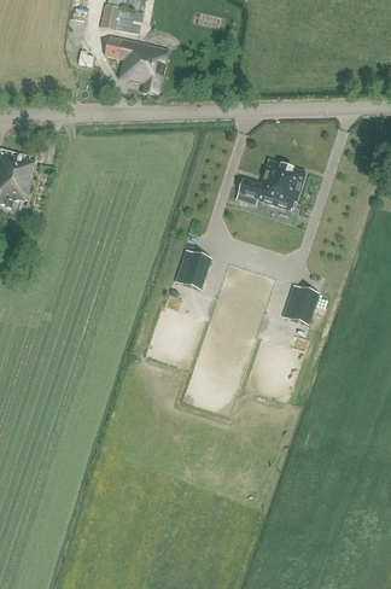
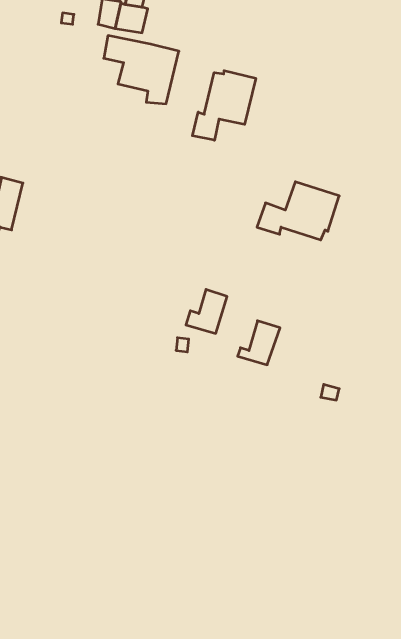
building: none -> [192,71,256,140]
building: [282,286,319,323] -> [238,321,280,365]

